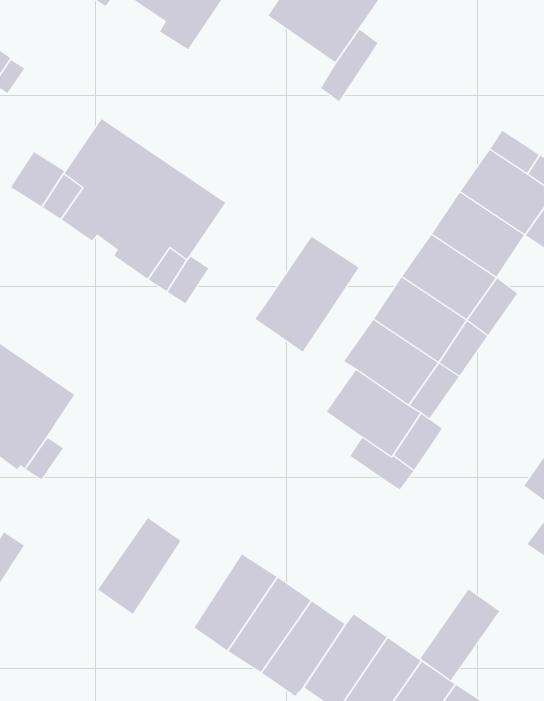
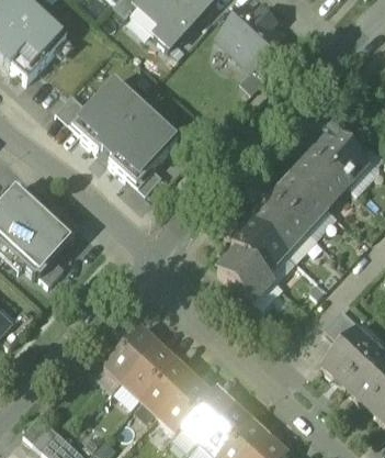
building: [254,236,359,352] -> none
building: [97,517,182,615] -> [104,324,157,379]
building: [419,589,500,681] -> none

